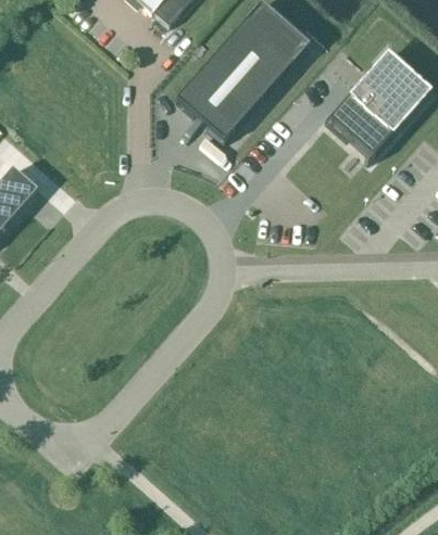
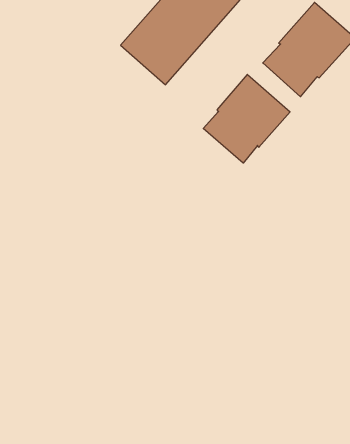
building: none -> [203,74,290,163]

